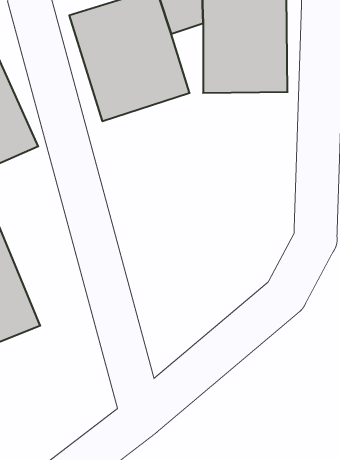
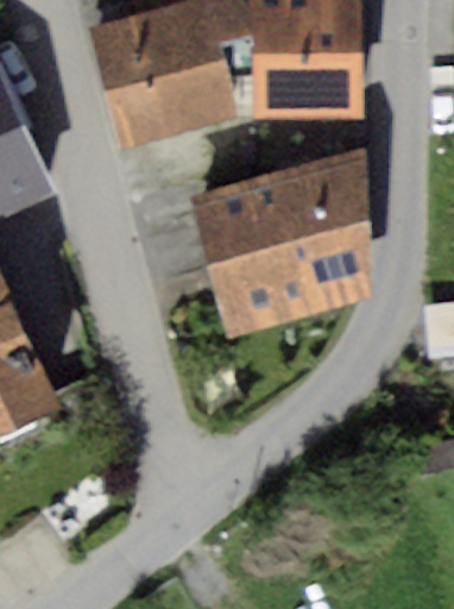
building: none -> [197,162,355,326]

